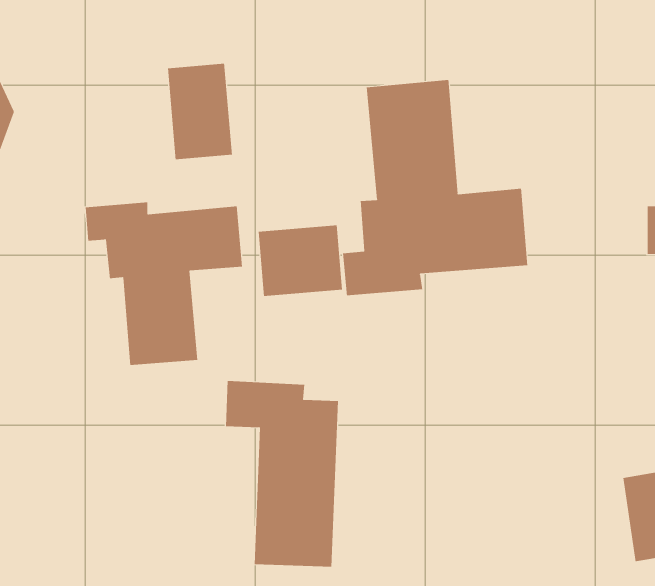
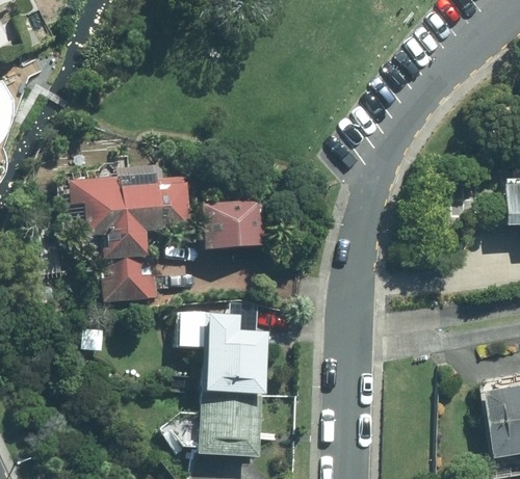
building: [167,63,232,160] -> none
building: [343,79,528,296] -> none

